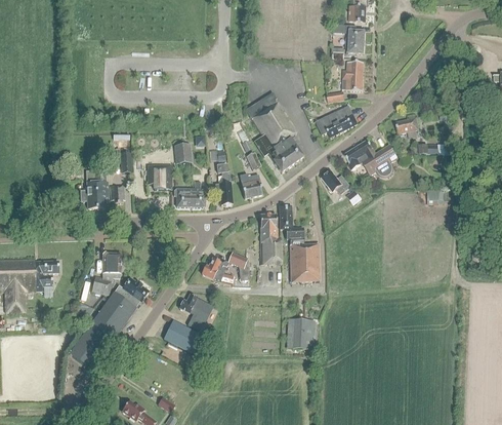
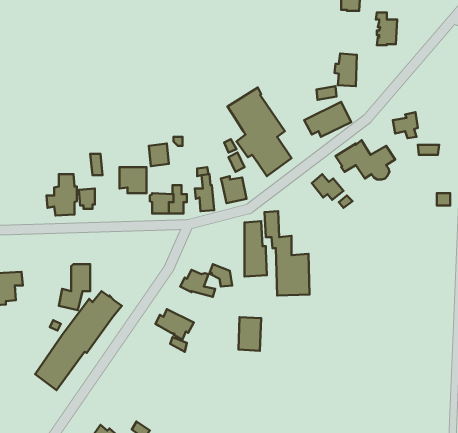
building: [345,25,365,54] -> [376,13,397,45]
building: [293,318,313,349] -> [238,317,261,351]
building: [163,320,203,354] -> none

